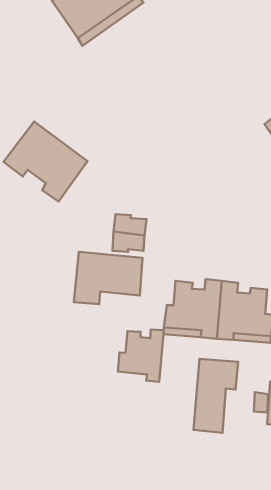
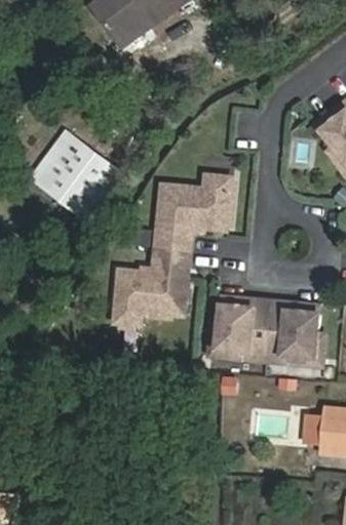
building: none -> [155,173,229,229]
building: [118,329,164,382] -> none
building: [194,359,238,433] -> none

